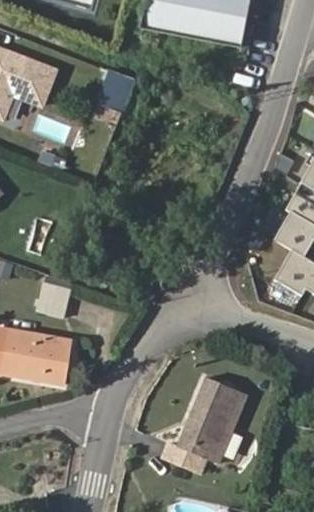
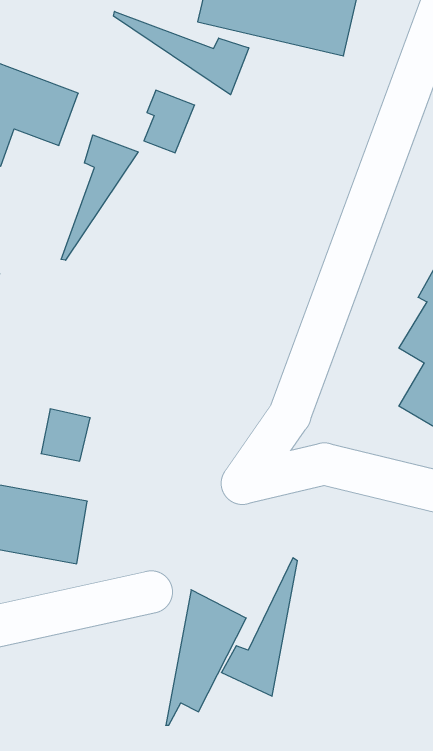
building: none -> [114,11,249,95]
building: none -> [61,135,138,260]
building: [191,383,245,474] -> [166,590,246,725]

